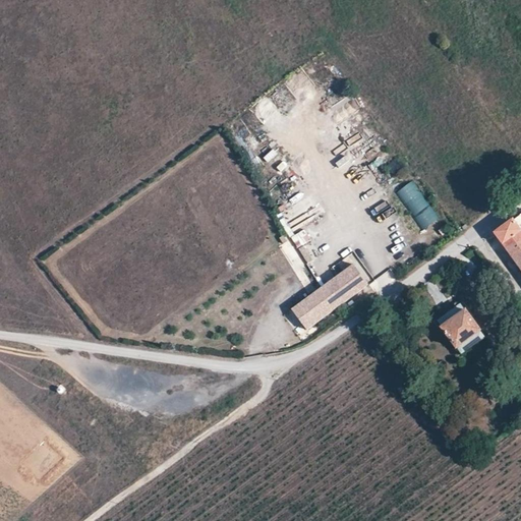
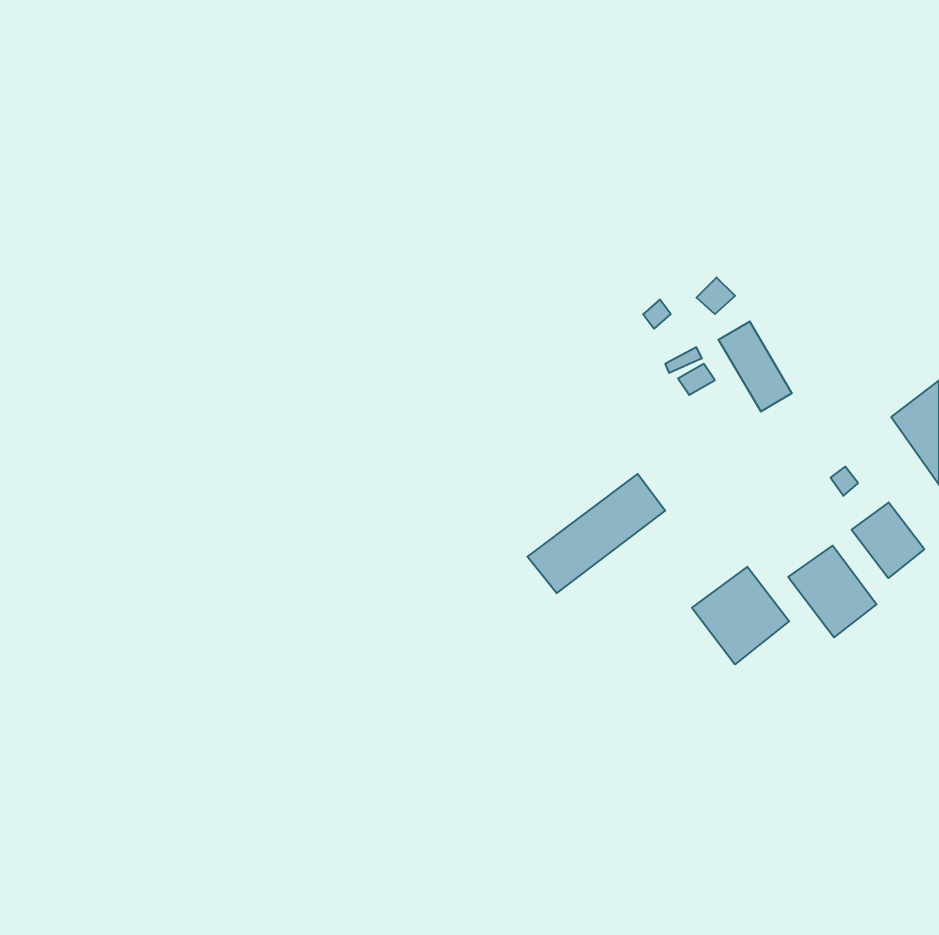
building: none -> [852,502,924,578]
building: none -> [692,567,789,664]

